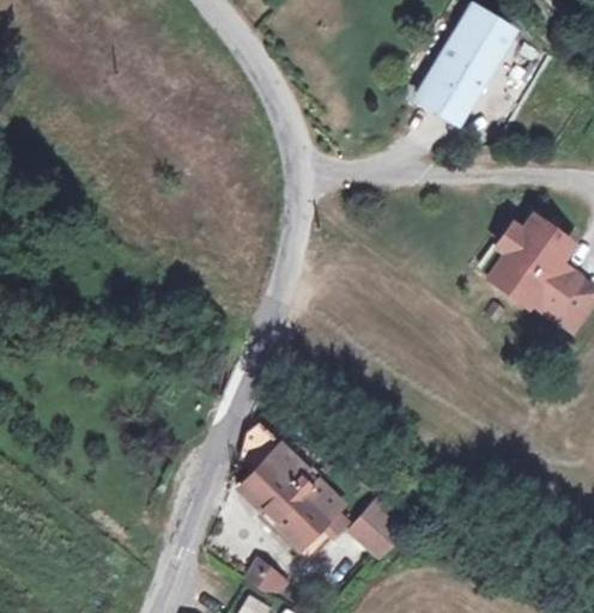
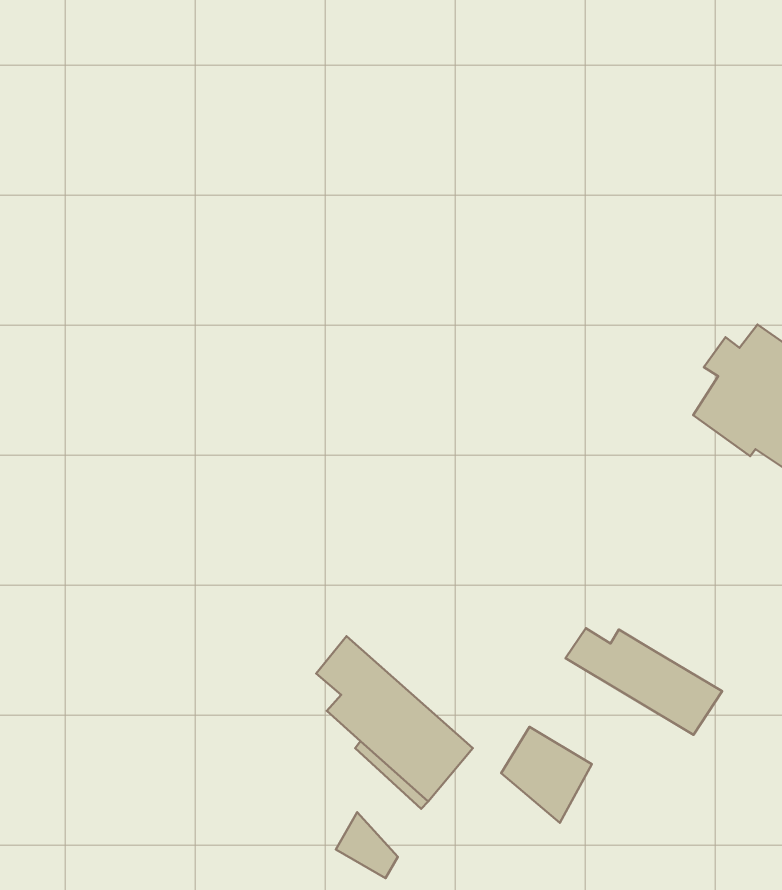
building: [414,10,510,127] -> none
building: none -> [566,628,722,735]

